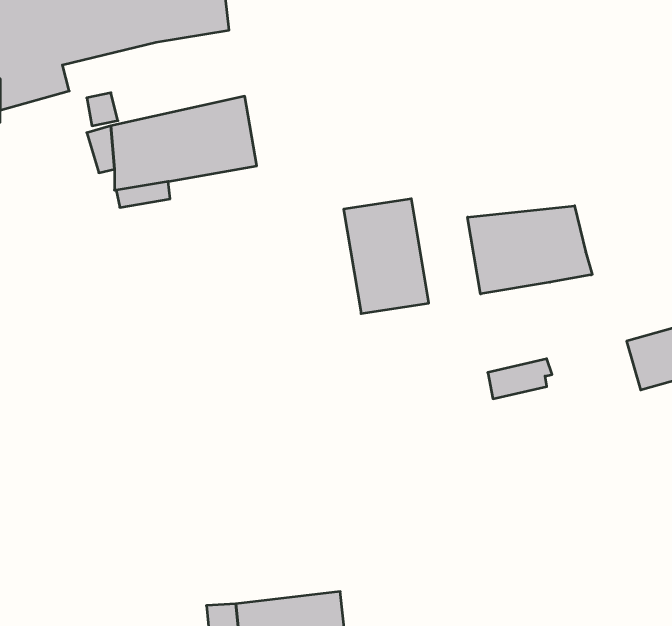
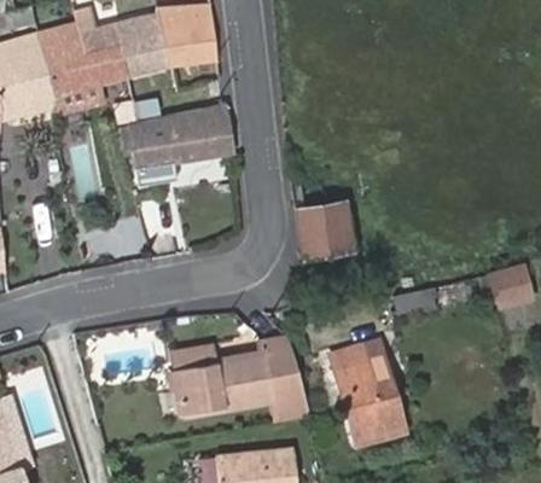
building: [468,206,592,294] -> none
building: none -> [170,333,310,421]
building: none -> [332,341,406,444]

